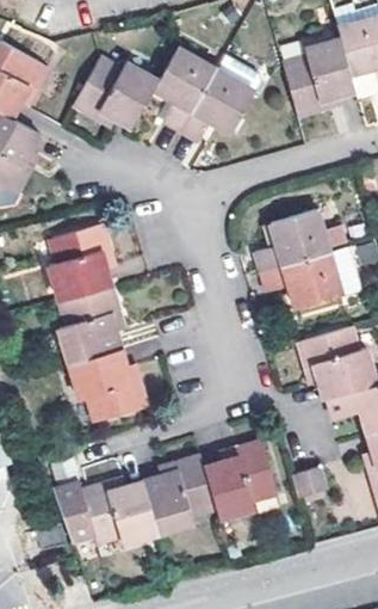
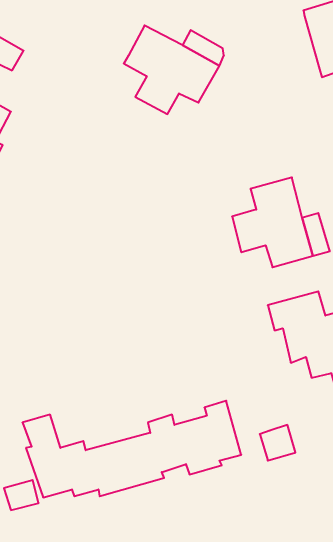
building: [283,41,355,122] -> none
building: [69,60,157,128] -> none
building: [49,224,142,417] -> none

